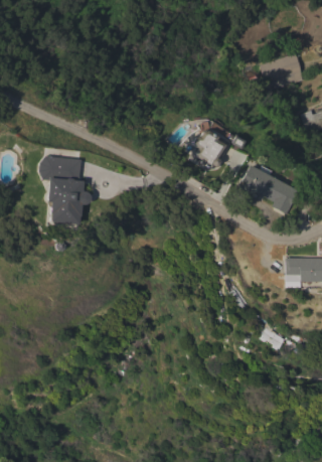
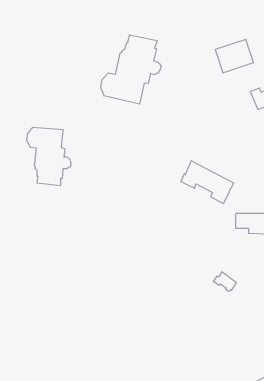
building: none -> [101,35,161,104]
building: [193,130,230,168] -> none
building: [237,164,300,214] -> [181,161,234,204]

